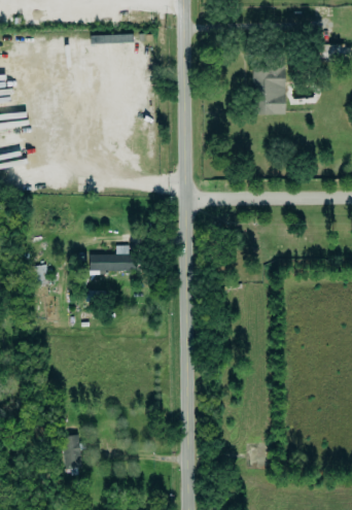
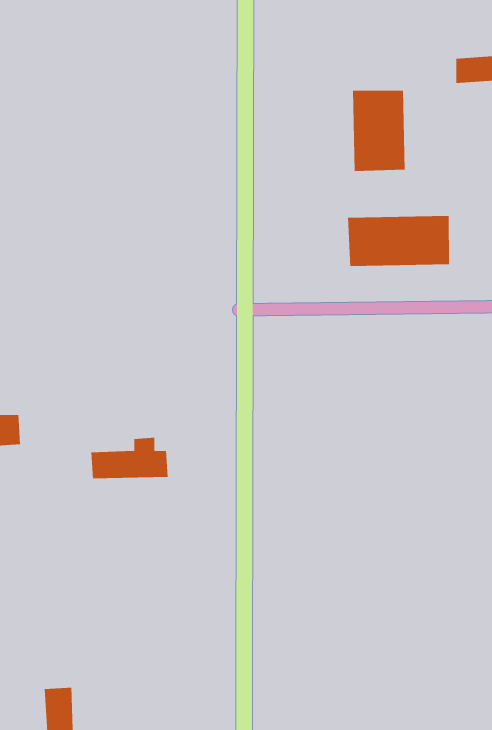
building: none -> [347,215,449,267]
building: [90,245,138,271] -> [90,437,169,479]

